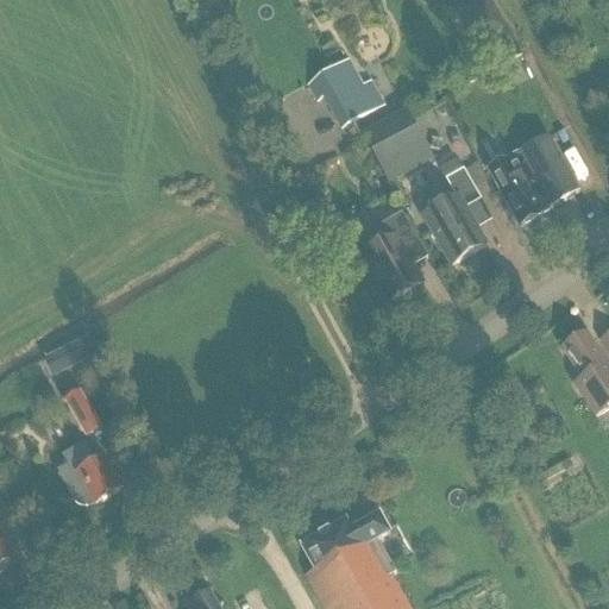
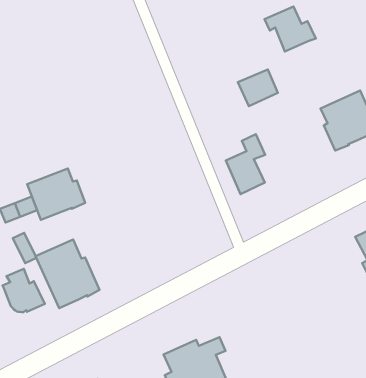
building: [307,58,384,125] -> [264,7,316,52]
building: [423,165,485,263] -> none
building: none -> [27,169,85,220]
building: none -> [36,240,99,308]

